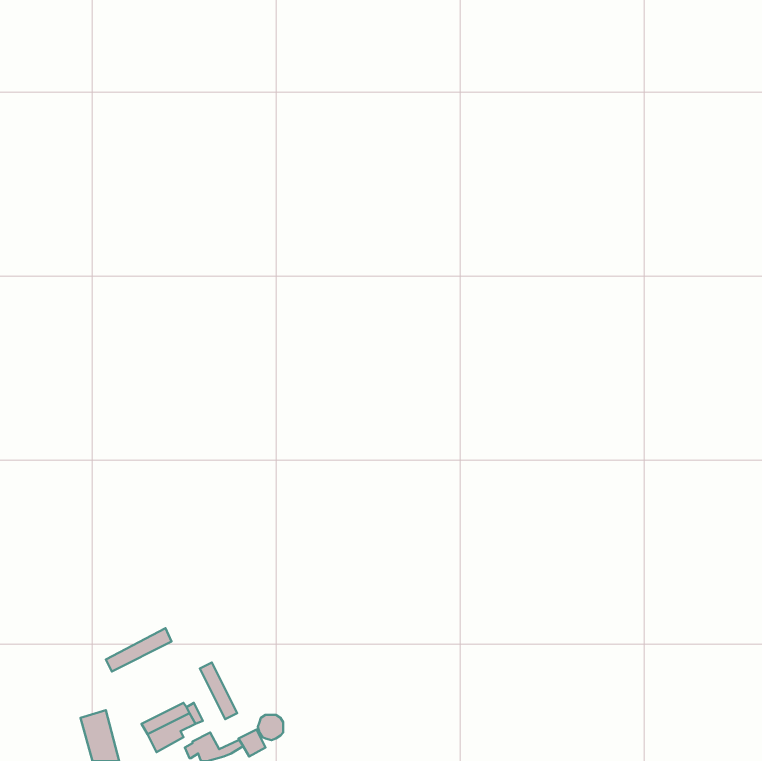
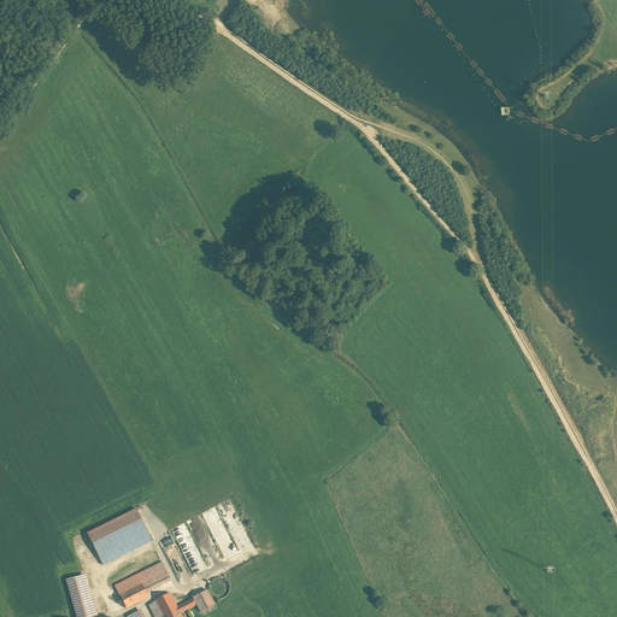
building: none -> [90,518,151,565]

